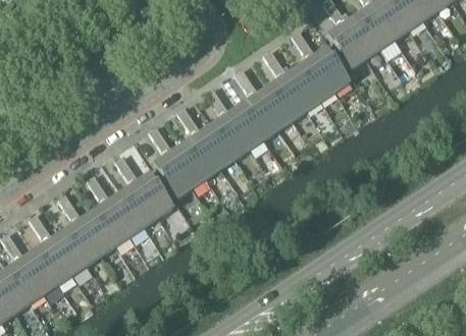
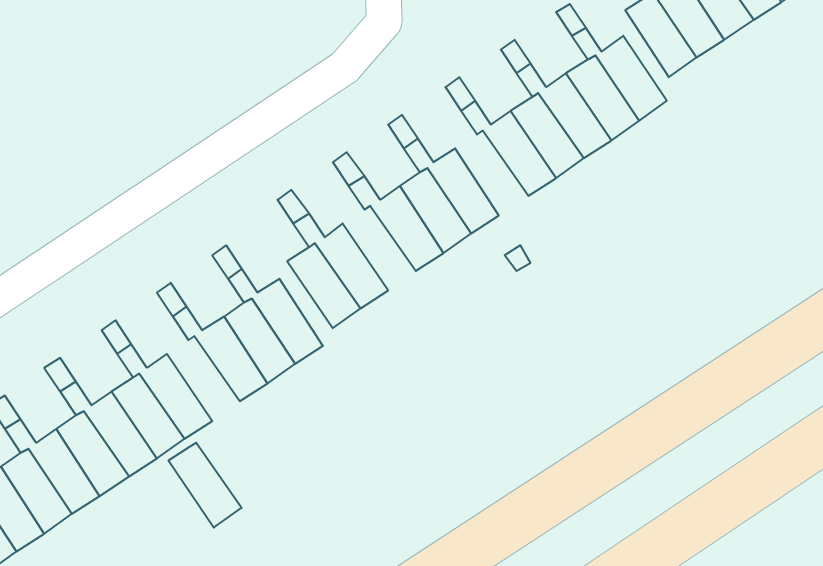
building: [240,97,277,141] -> none
building: [182,135,219,179] -> none
building: [91,203,128,246] -> [168,443,242,528]

